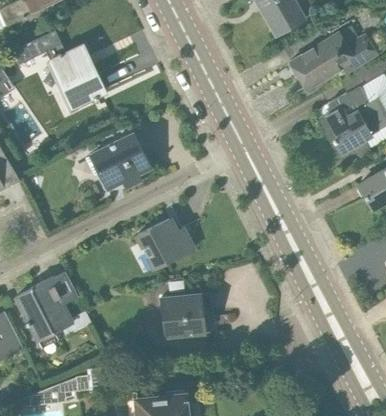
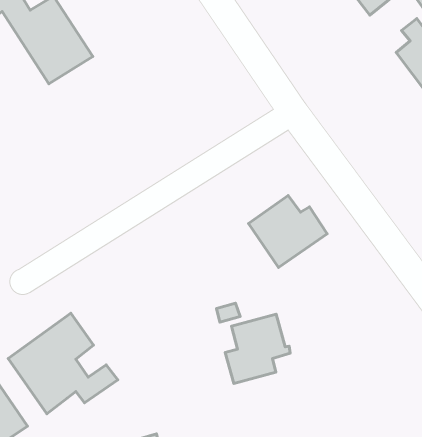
building: [91,133,151,188] -> none
building: [138,218,193,268] -> [249,196,327,267]

